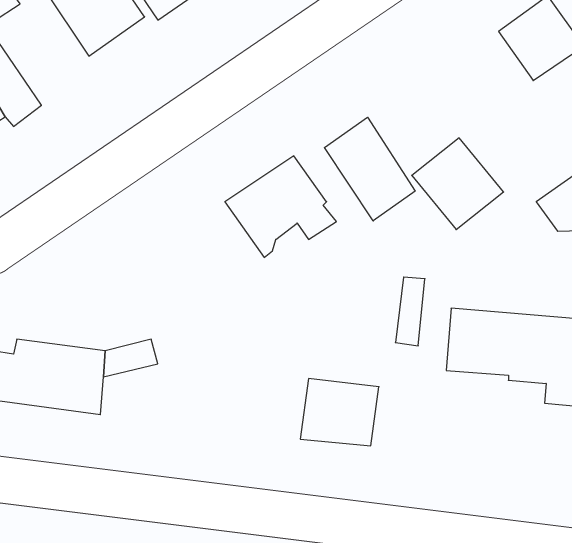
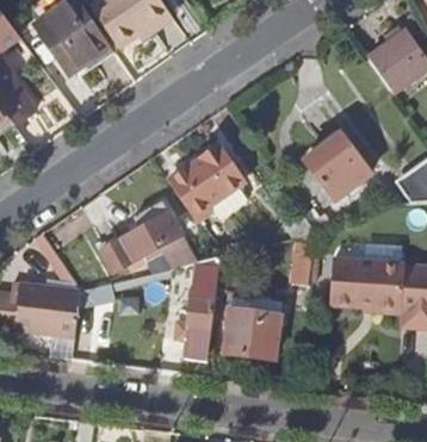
building: [324,117,415,221] -> none
building: none -> [103,201,184,269]
building: none -> [177,254,221,361]

